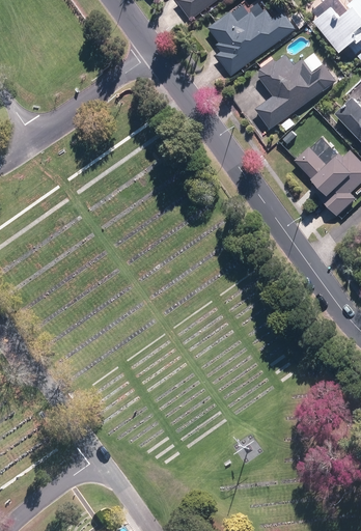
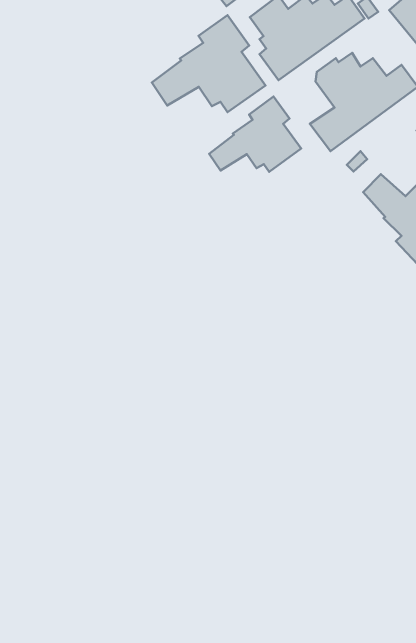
building: none -> [152,15,266,112]
building: none -> [209,97,301,172]

